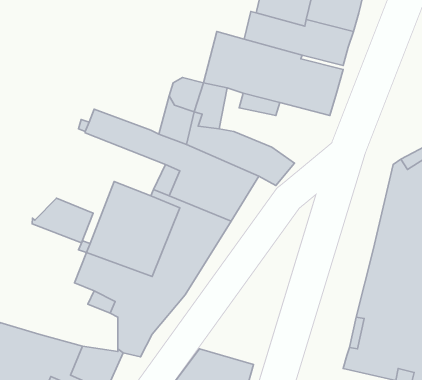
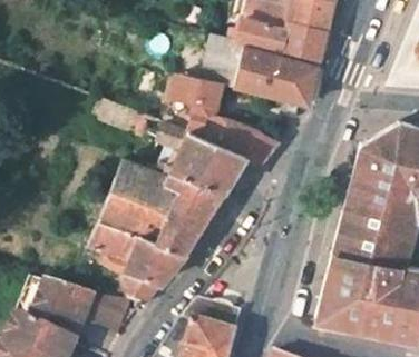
building: [32,198,93,243] -> none

